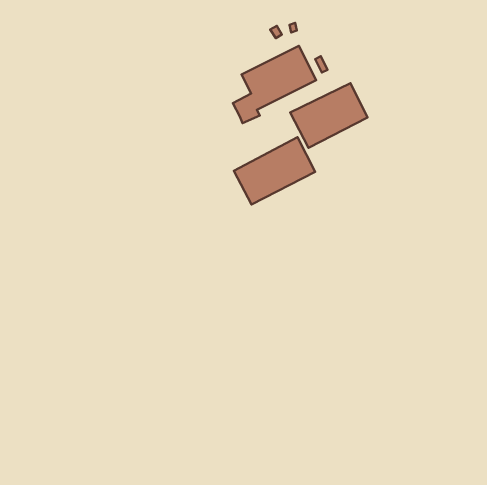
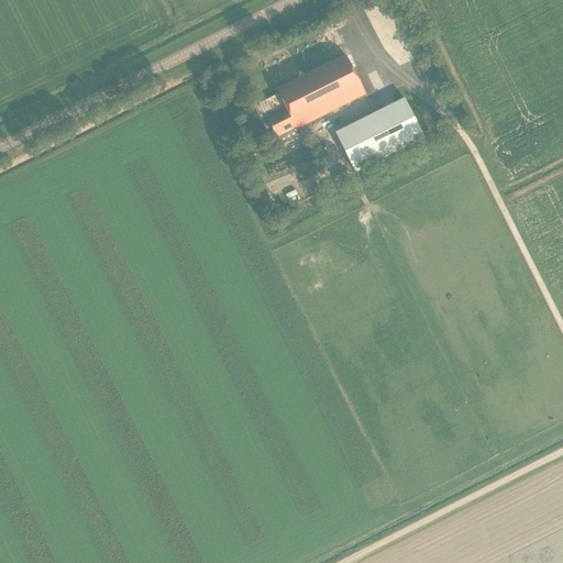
building: [234,137,315,204] -> none

